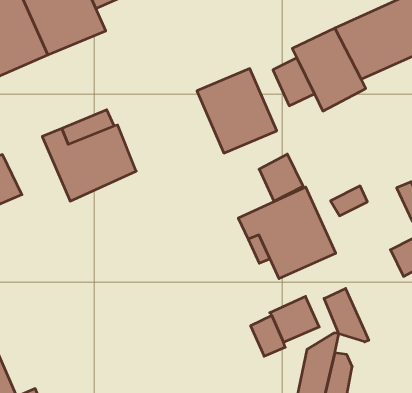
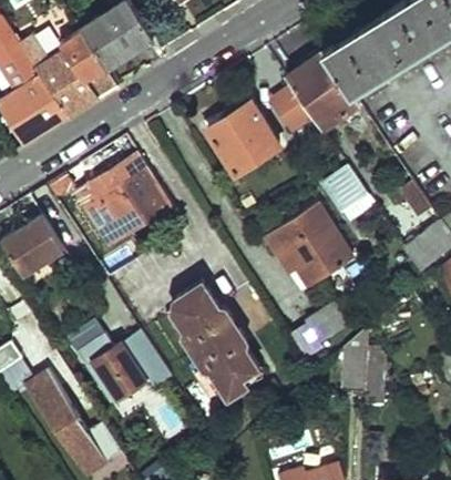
building: [259,154,303,201] -> [326,166,368,211]
building: none -> [165,279,255,398]
building: [324,288,369,342] -> none
building: none -> [76,328,172,405]

